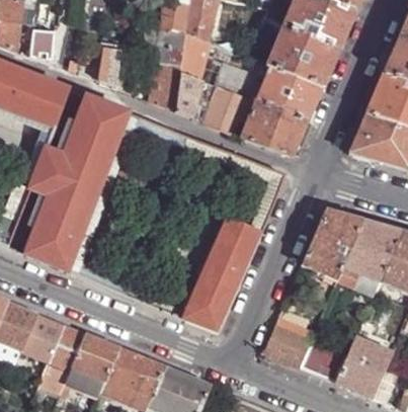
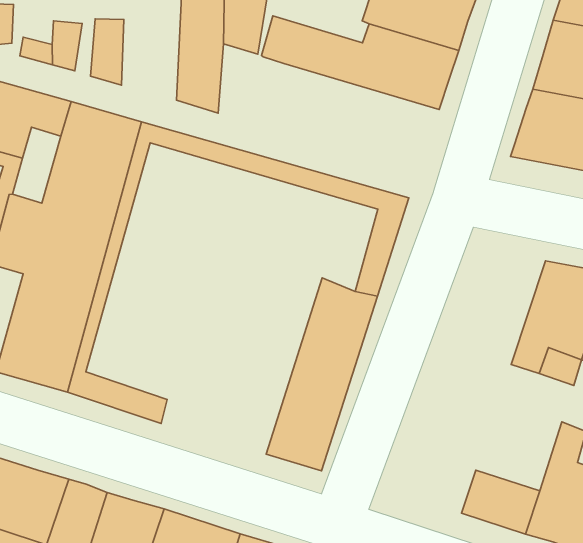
building: [174,69,205,116] -> none
building: [205,84,308,155] -> none
building: [302,208,363,278] -> none
building: [263,316,314,365] -> none

